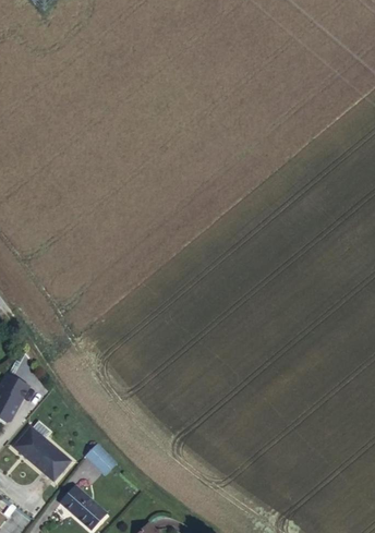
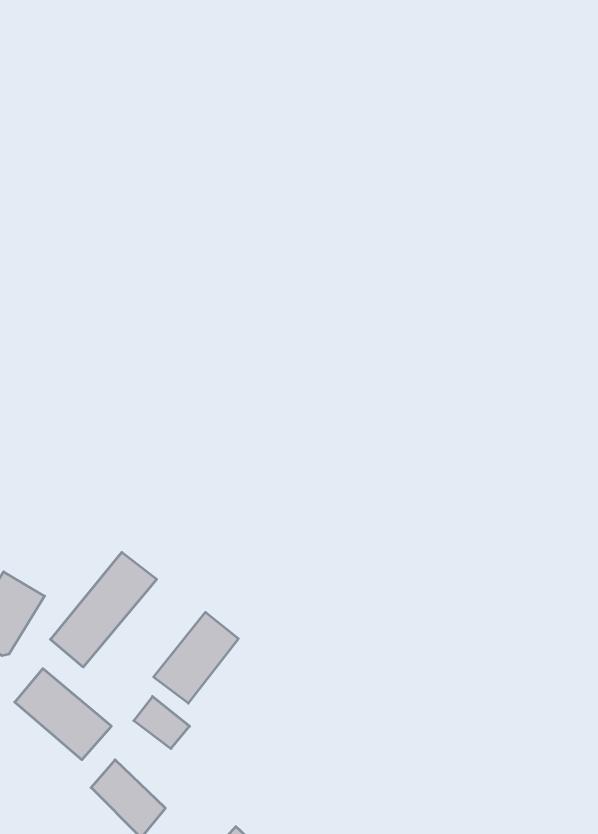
building: none -> [50,552,157,667]
building: none -> [154,612,238,703]

